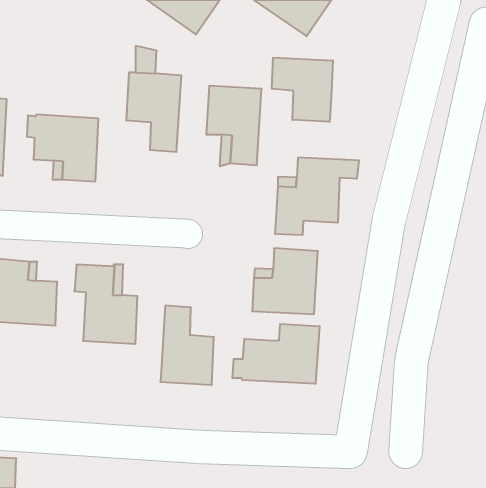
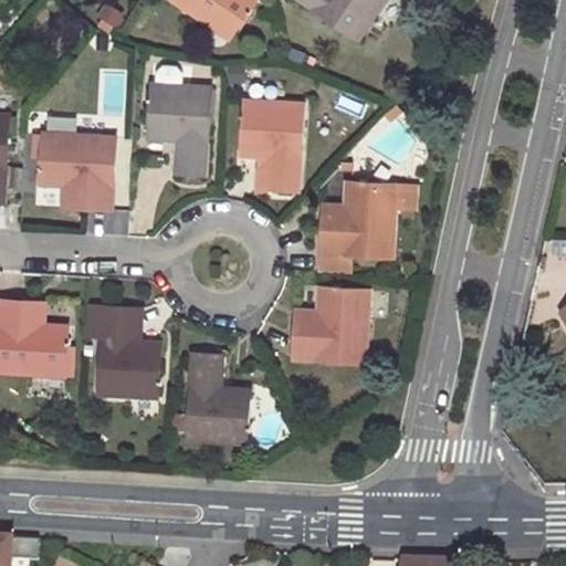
building: [272,58,333,122] -> none
building: [232,324,319,384] -> none

